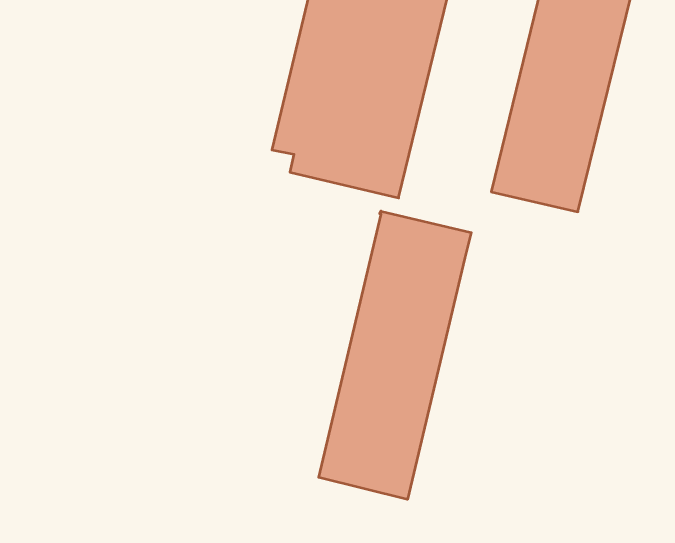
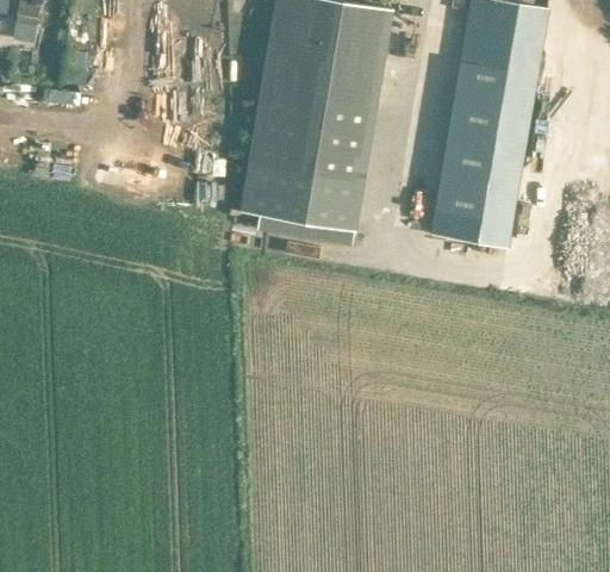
building: [319,211,471,499] -> none

